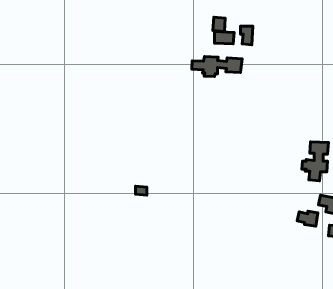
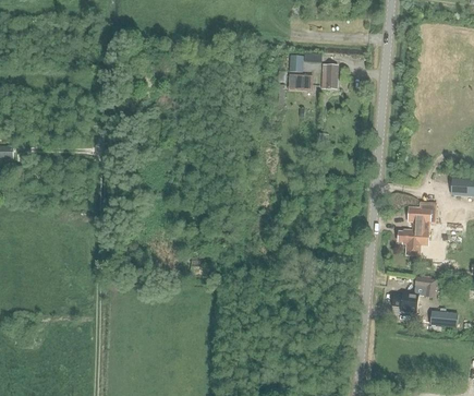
building: [192,56,242,76] -> none

